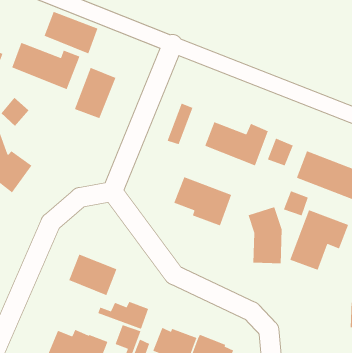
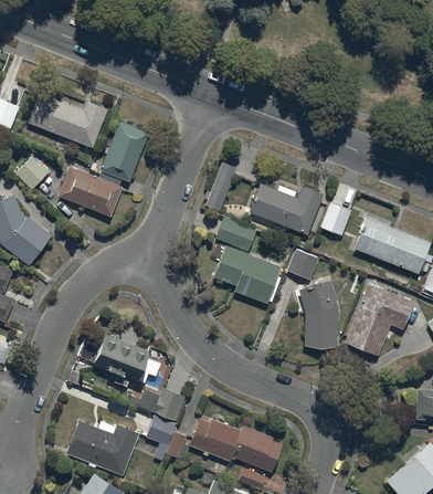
building: [44,11,99,54] -> [59,167,122,217]
building: none -> [215,218,256,251]
building: [283,190,309,216] -> [287,250,317,280]

